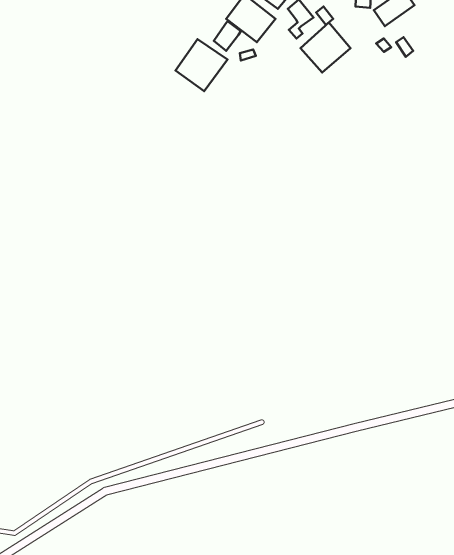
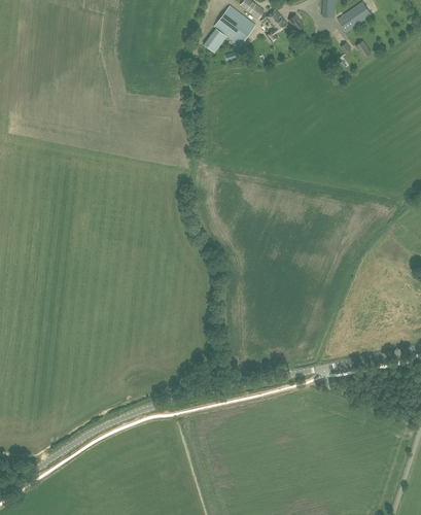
building: [301,23,351,72] -> none
building: [175,39,228,91] -> none

